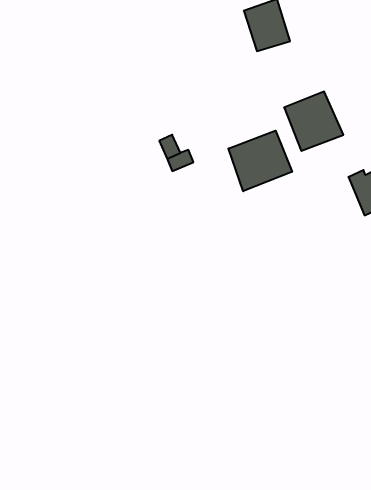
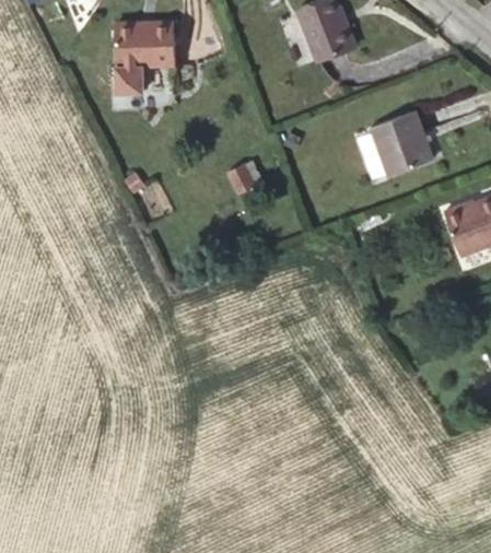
building: none -> [126,22,187,93]
building: [228,131,292,191] -> none

